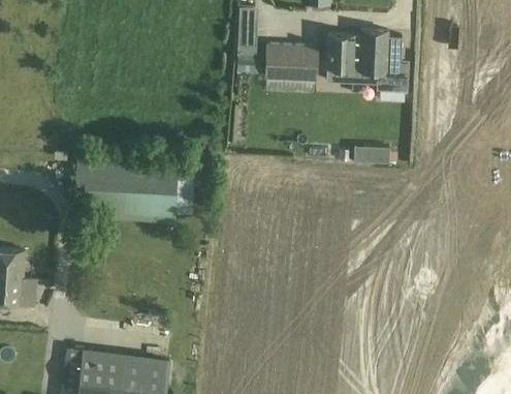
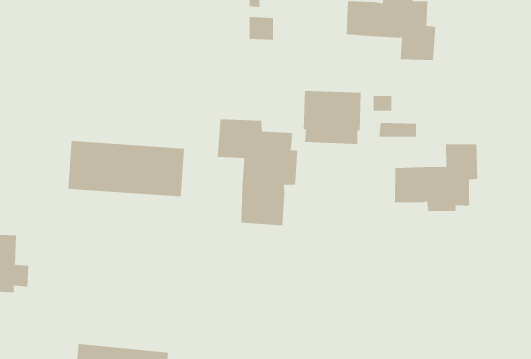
building: [265,43,319,93] -> [303,90,362,144]
building: none -> [217,118,298,226]
building: none -> [395,144,478,212]

